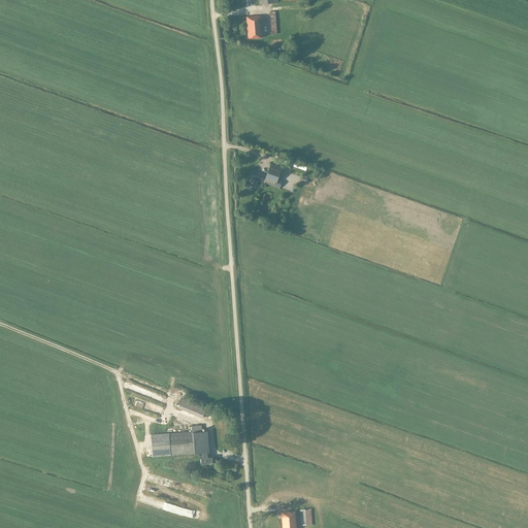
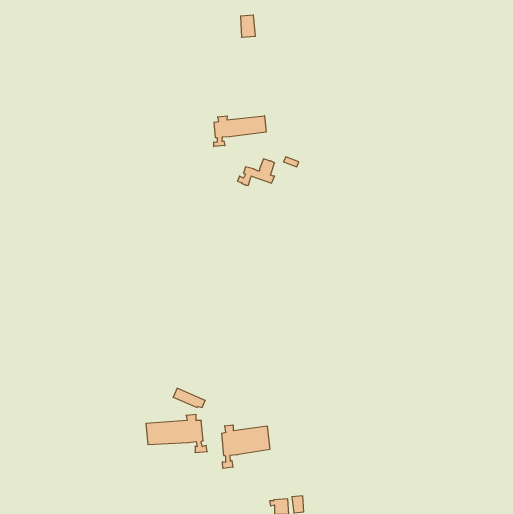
building: none -> [214,116,266,147]
building: none -> [222,425,270,468]

